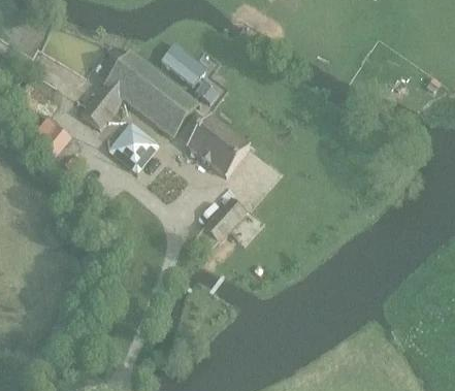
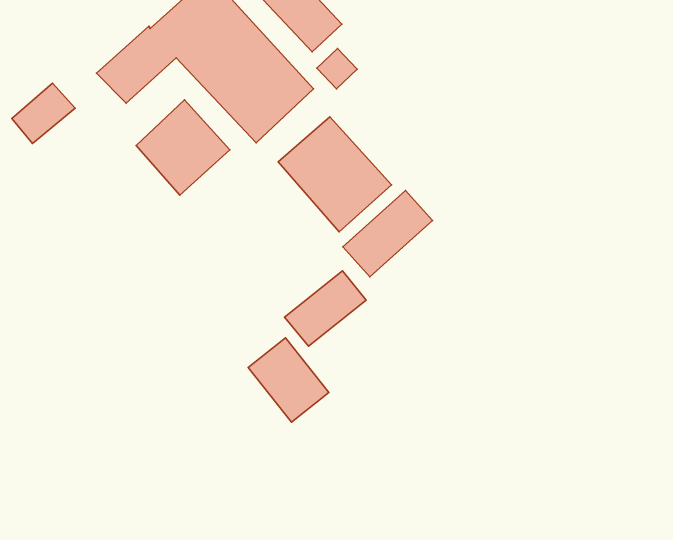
building: none -> [343,190,433,277]
building: none -> [248,338,329,422]

